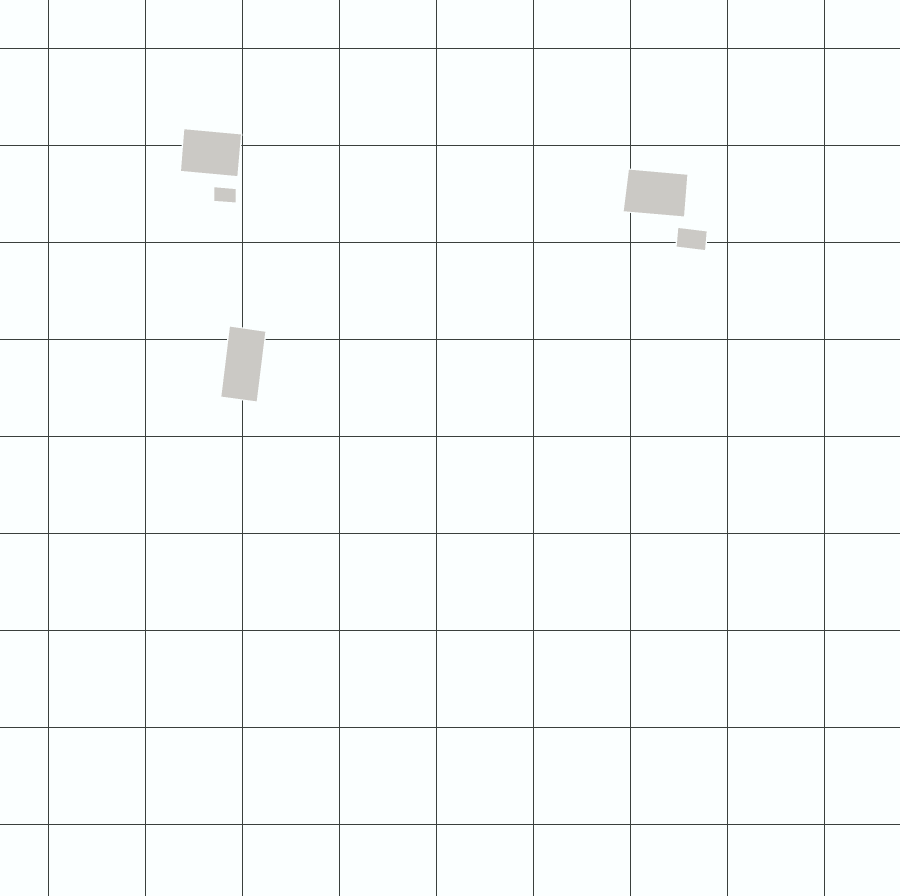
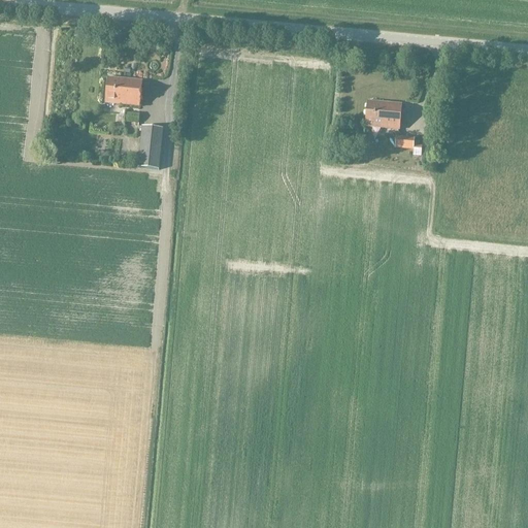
building: [220,326,266,402] -> [136,124,163,168]

